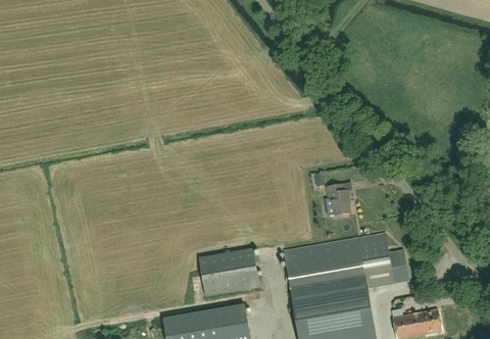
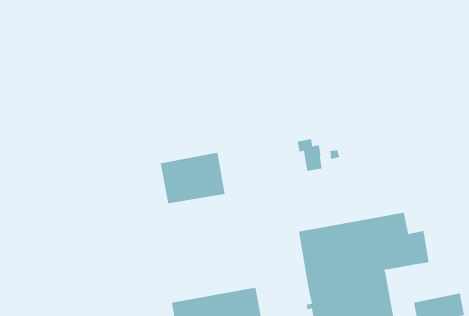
building: [326,184,350,215] -> [297,138,323,172]
building: [198,247,260,296] -> [160,152,226,204]

